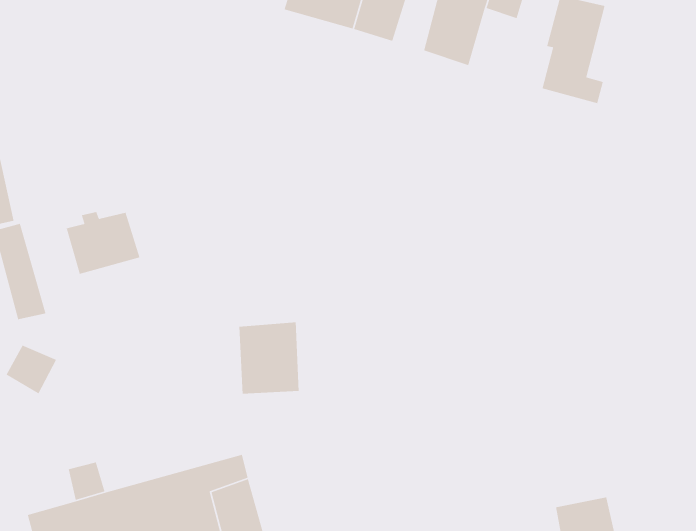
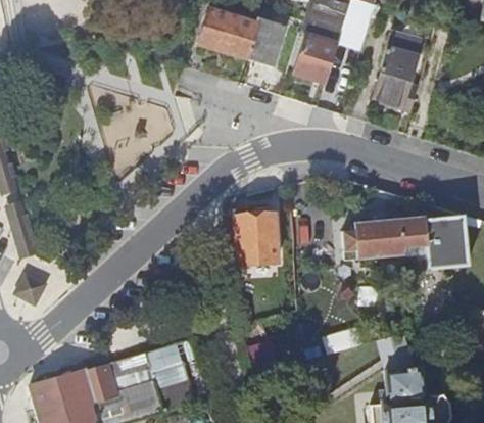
building: [64,211,140,275] -> none
building: none -> [348,214,473,267]
building: [239,322,299,395] -> [239,215,280,264]

